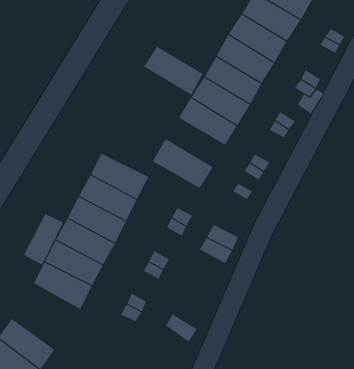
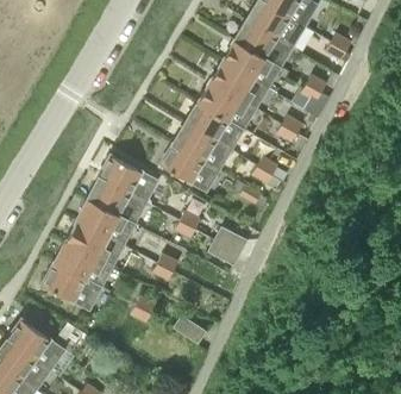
building: [143,46,204,96] -> [174,121,233,170]
building: [23,213,64,265] -> none

